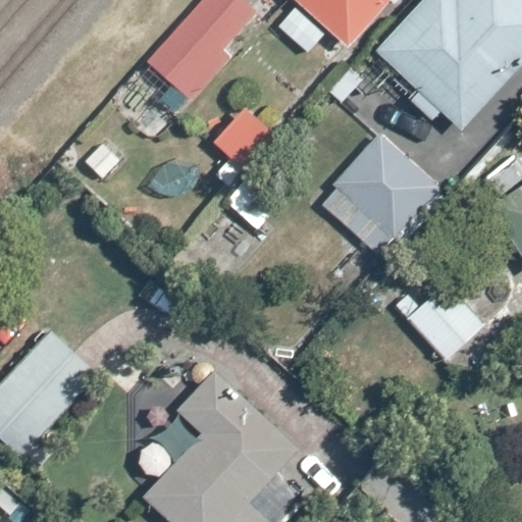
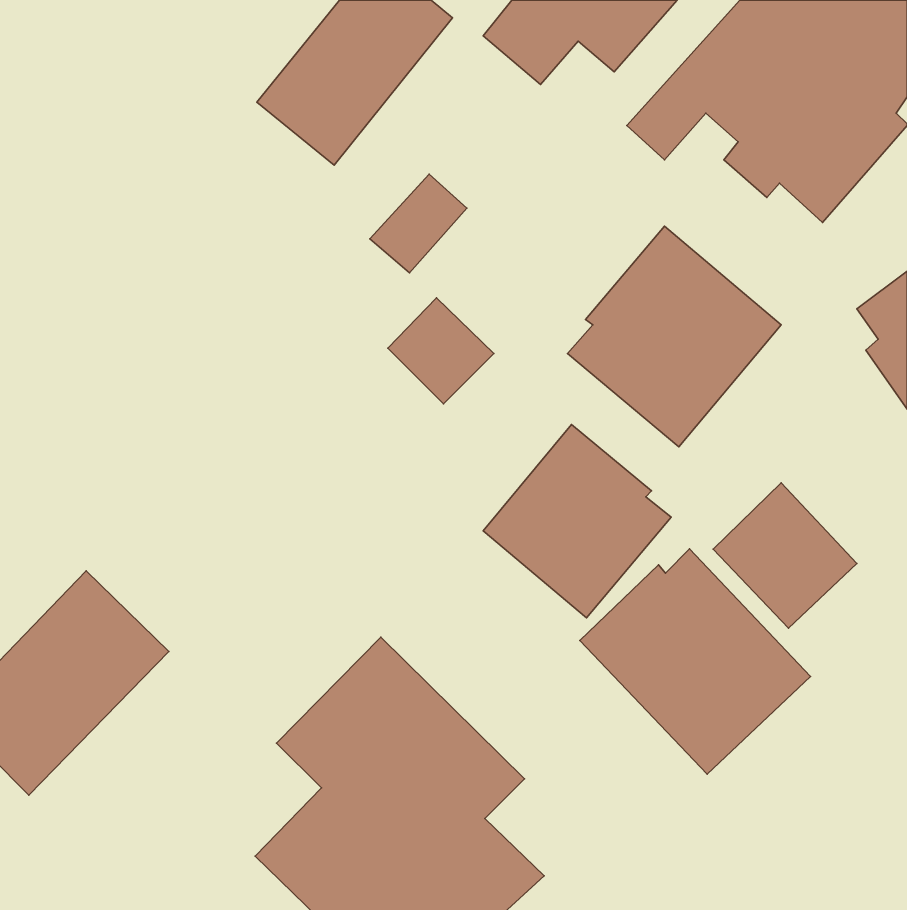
building: none -> [483,425,671,618]
building: none -> [580,549,810,774]

